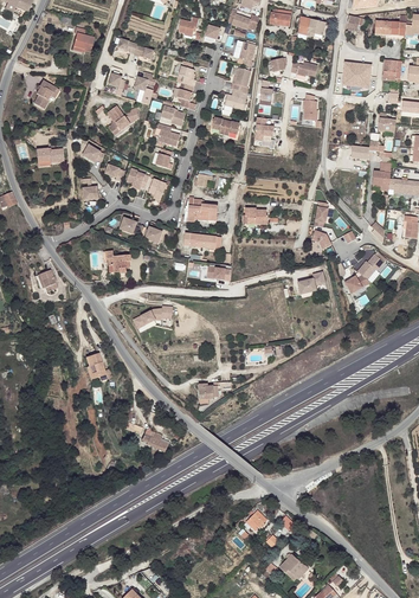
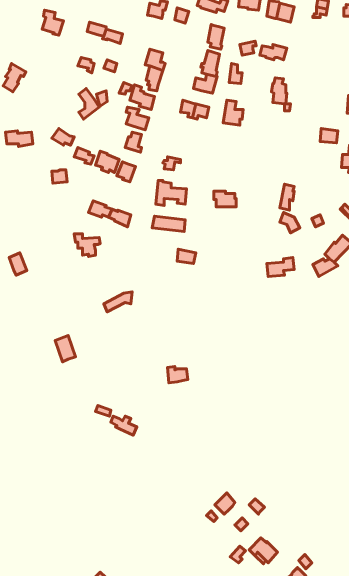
building: [342,59,369,83] -> none

